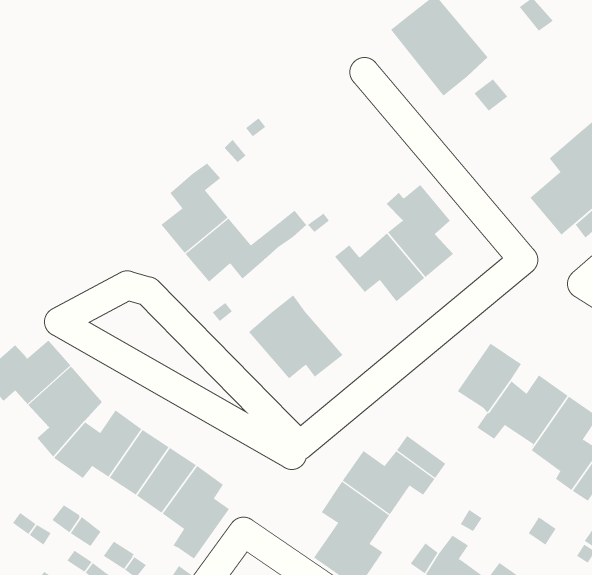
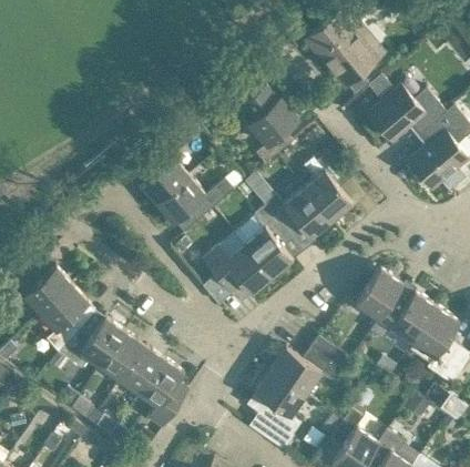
building: none -> [242,85,299,163]
building: none -> [368,85,447,142]
building: none -> [244,205,293,277]

